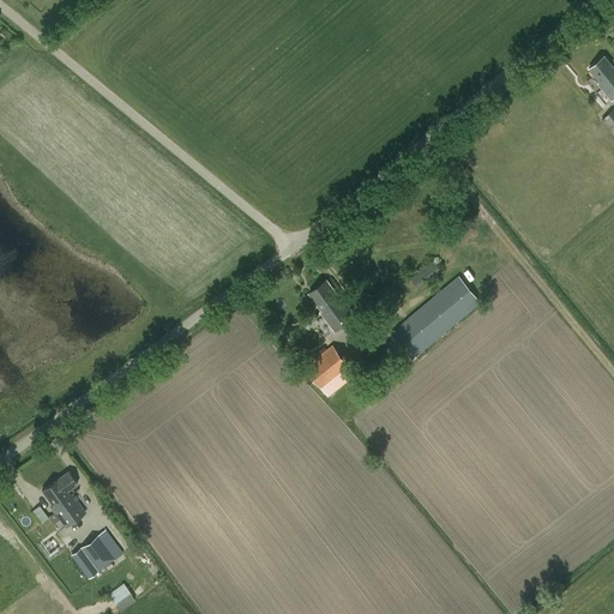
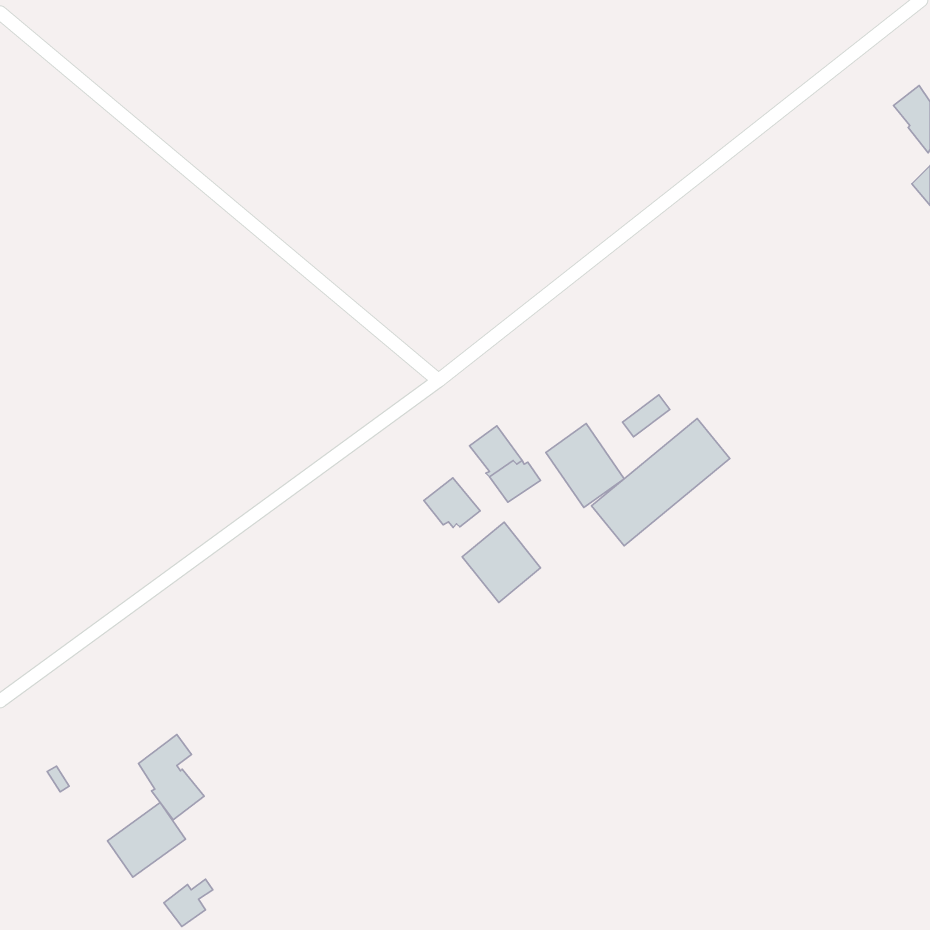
building: none -> [546,424,624,508]
building: none -> [424,478,480,527]
building: [42,471,85,528] -> [139,734,204,820]

